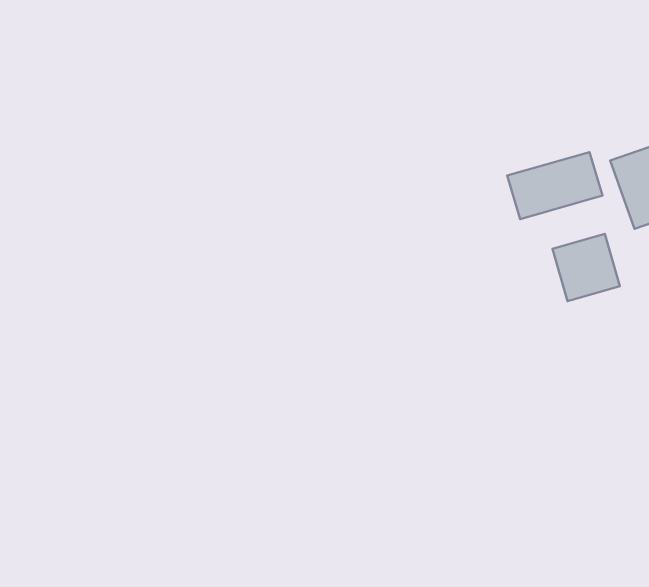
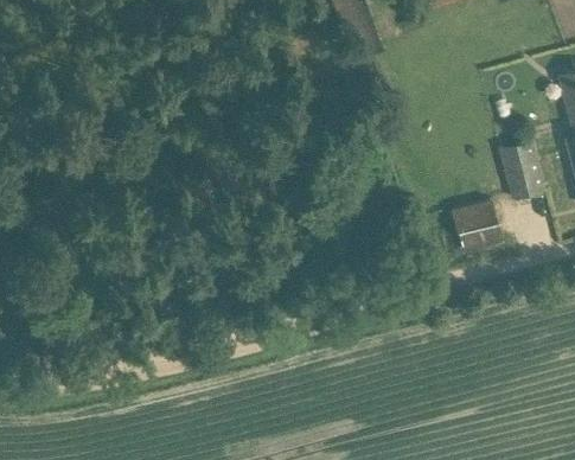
building: [507,152,603,219] -> none

